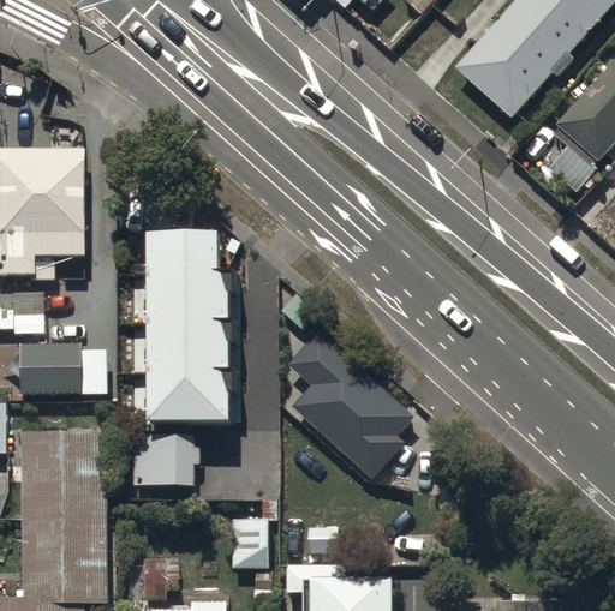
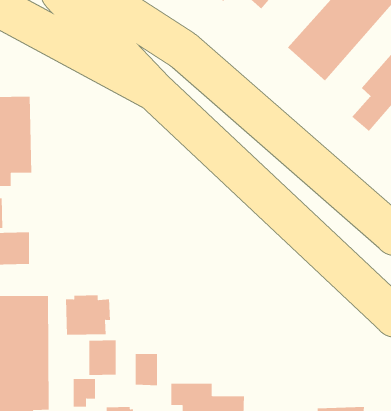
building: [149,234,237,419] -> none
building: [285,328,410,475] -> none
building: none -> [89,340,116,376]

